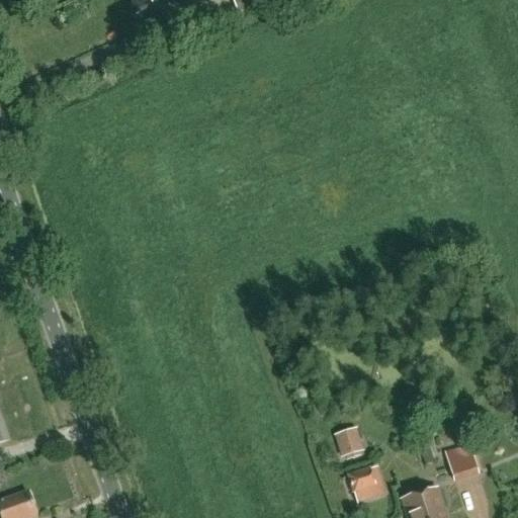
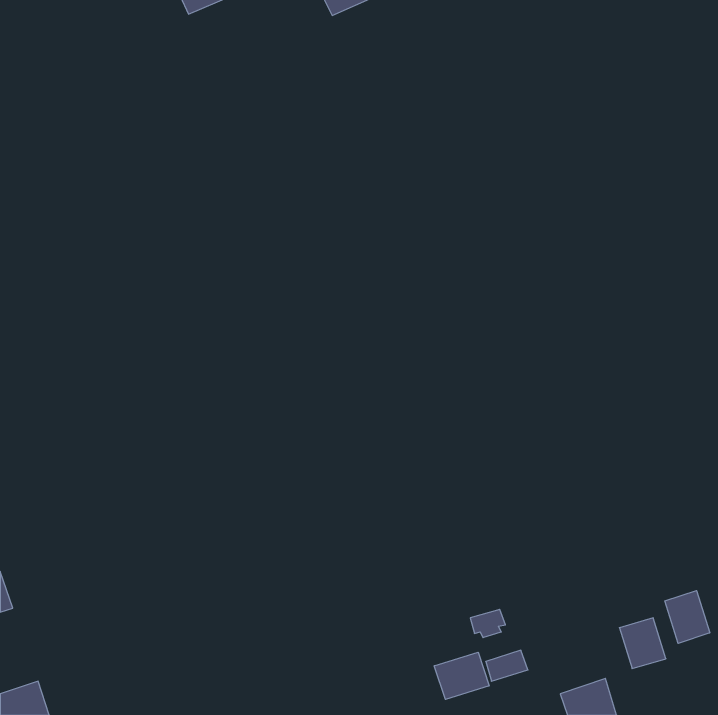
building: none -> [665,591,710,643]
building: none -> [434,652,489,699]

